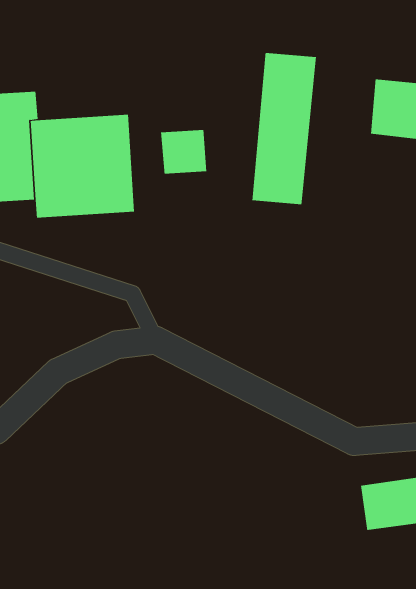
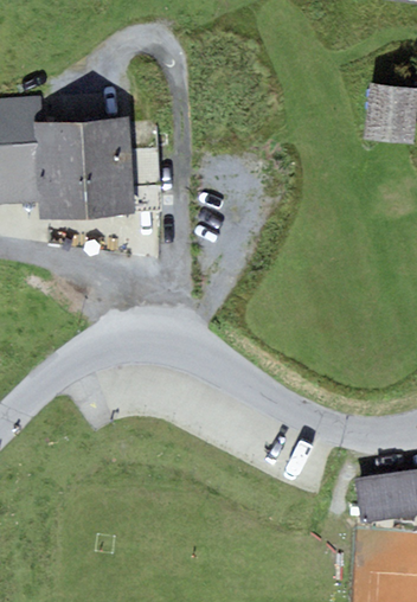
building: [252,52,317,205] -> none
building: [160,129,207,175] -> none

